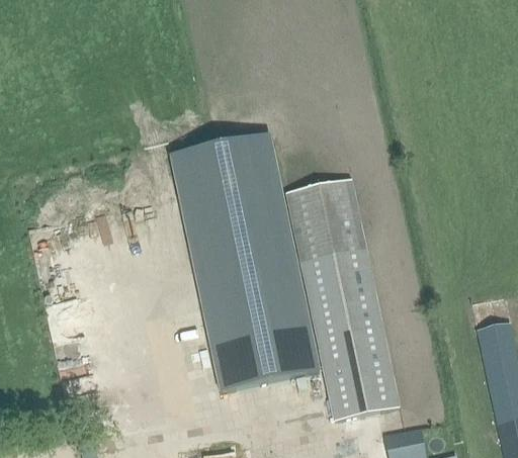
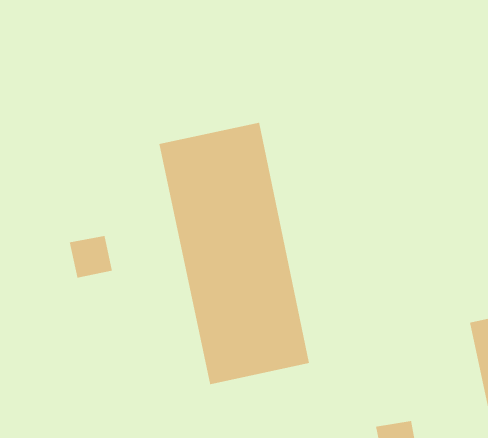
building: [285,179,399,421] -> none
building: none -> [69,235,113,279]

